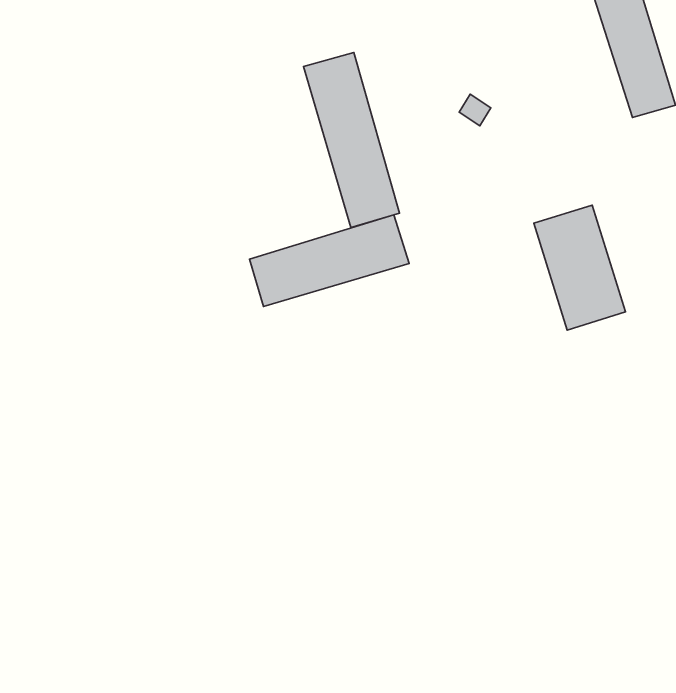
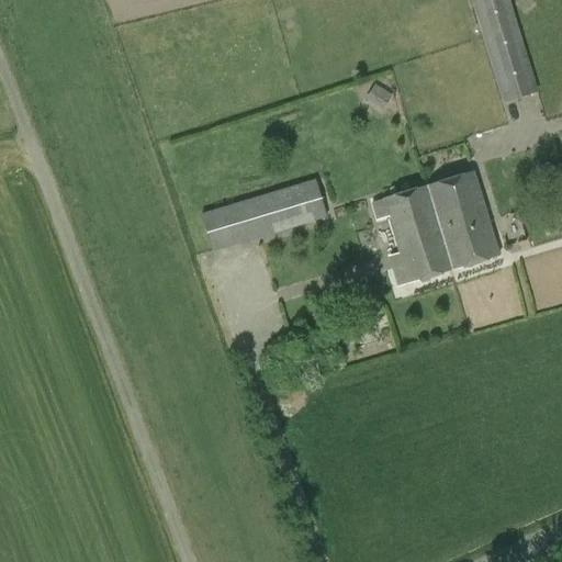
building: [303,53,399,228] -> none
building: none -> [372,184,452,283]

